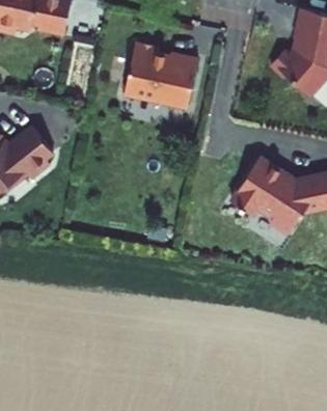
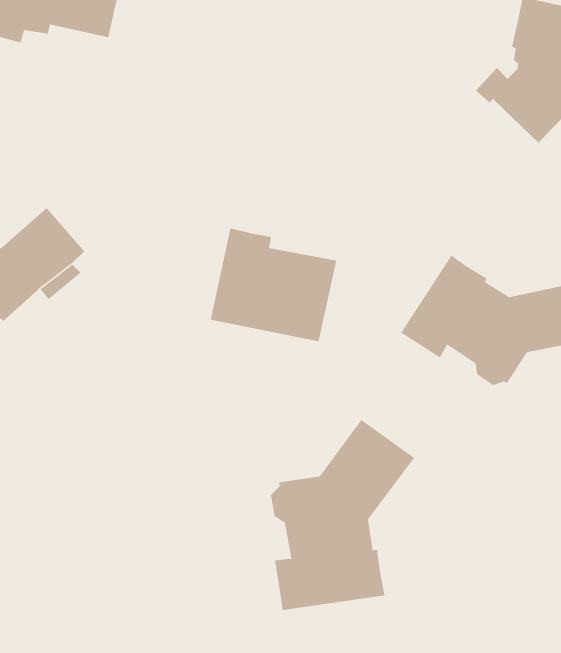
building: [124,43,196,108] -> [210,227,337,342]
building: none -> [270,419,415,611]

